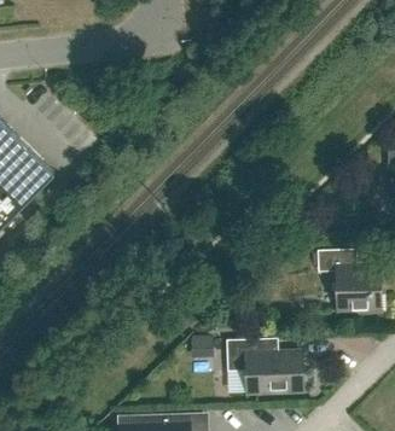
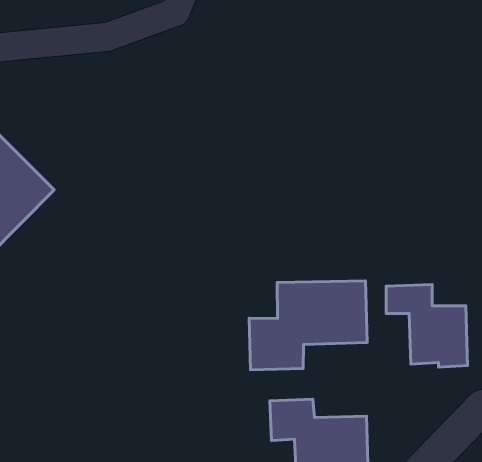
building: none -> [249,281,367,370]

